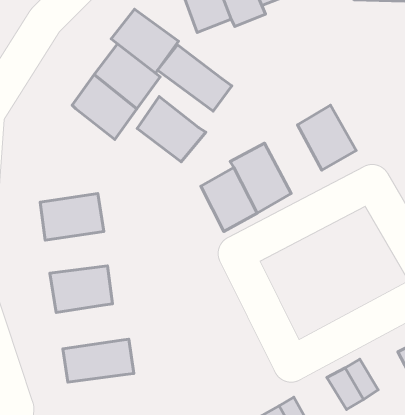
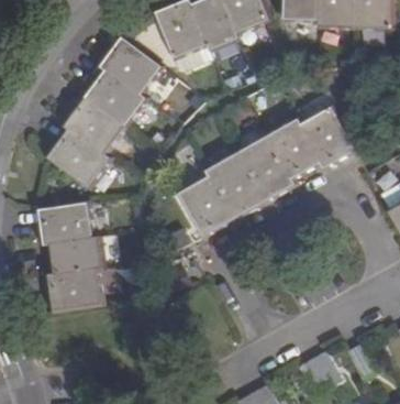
building: [157,45,232,111] -> none
building: none -> [298,105,353,166]
building: [137,97,206,162] -> [49,125,111,184]
building: none -> [238,140,292,201]
building: [63,339,134,382] -> [42,234,105,273]

